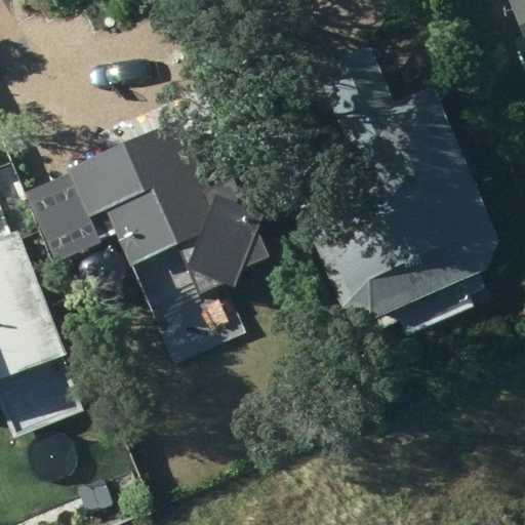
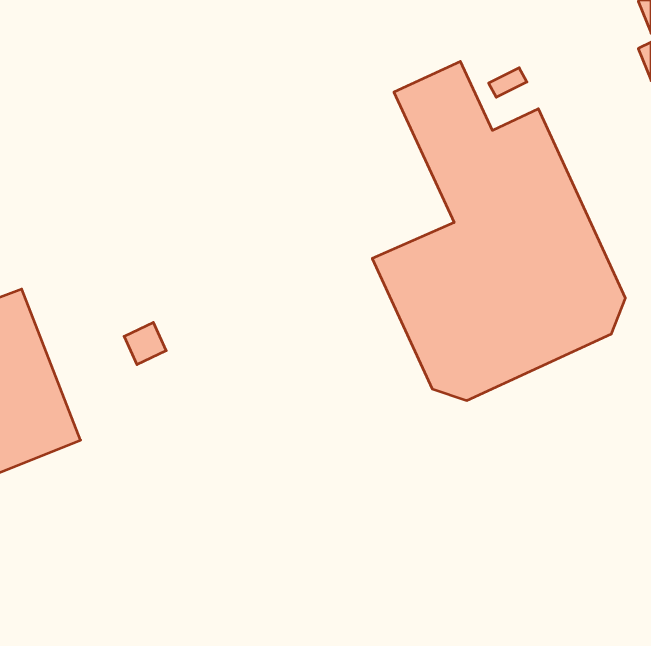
building: [67,126,278,300] -> none

